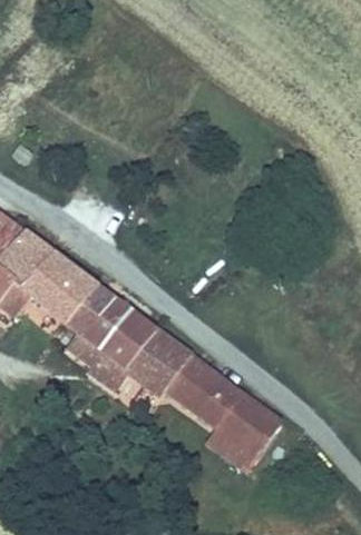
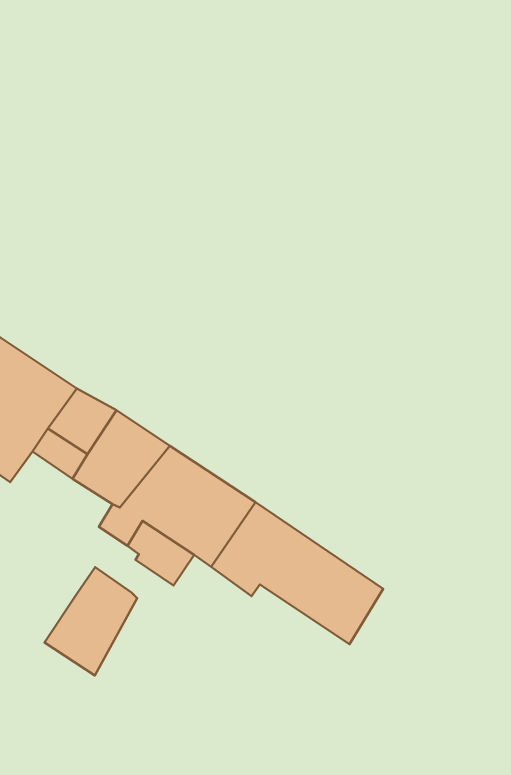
building: none -> [44,567,137,676]
building: [209,393,279,465] -> none

